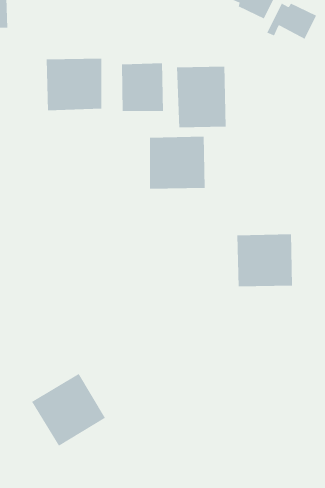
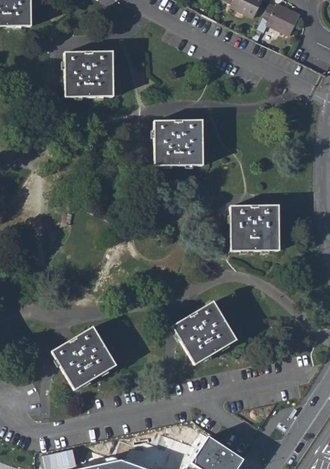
building: [122,63,164,112] -> none
building: [177,66,226,128] -> none
building: none -> [172,301,236,365]

